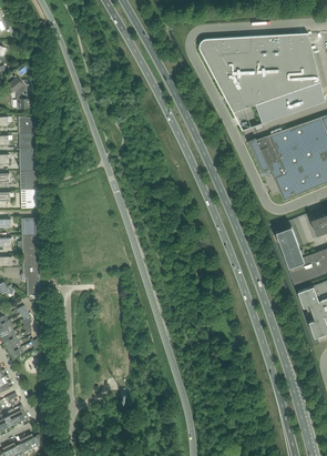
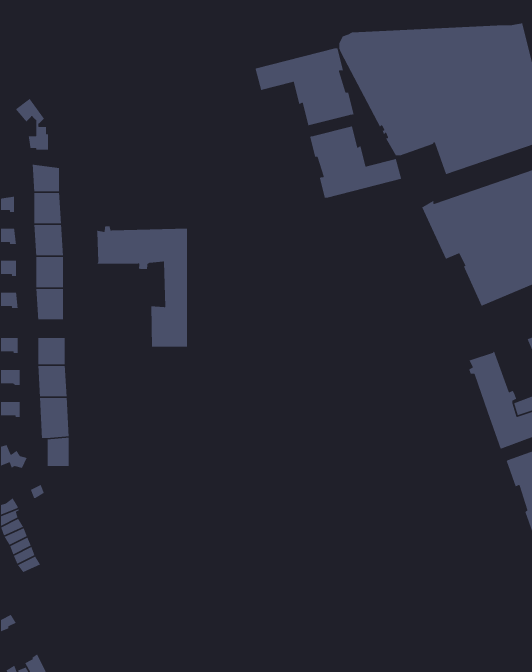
building: none -> [255,48,354,126]
building: none -> [309,126,402,198]
building: none -> [96,226,188,348]

